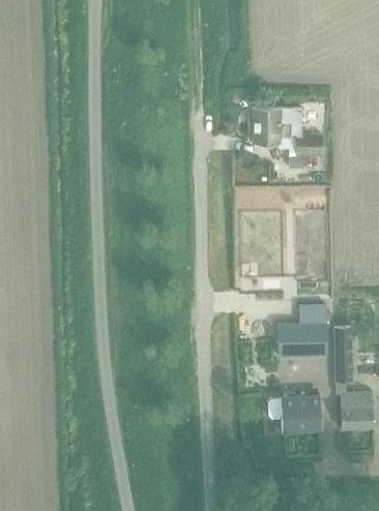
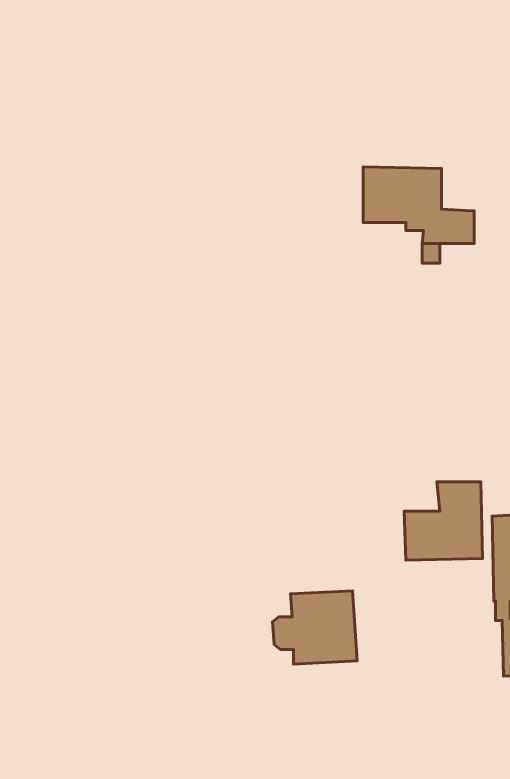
building: [268,386,322,432] -> [272,591,357,664]

